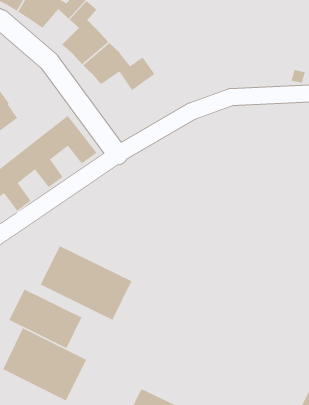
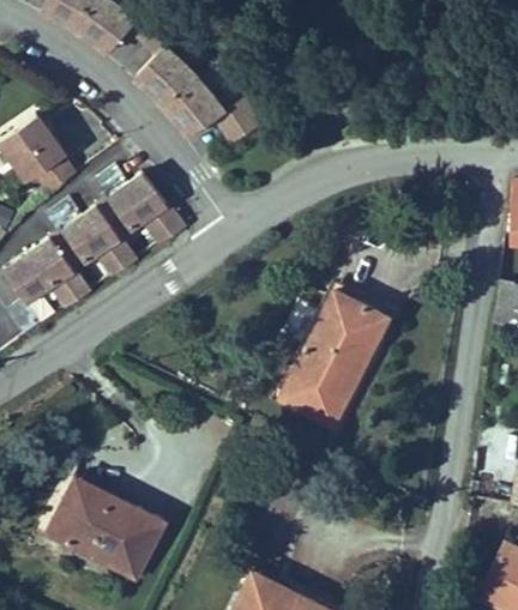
building: none -> [271,280,391,429]
building: [39,245,132,321] -> none
building: [8,289,82,349] -> none

